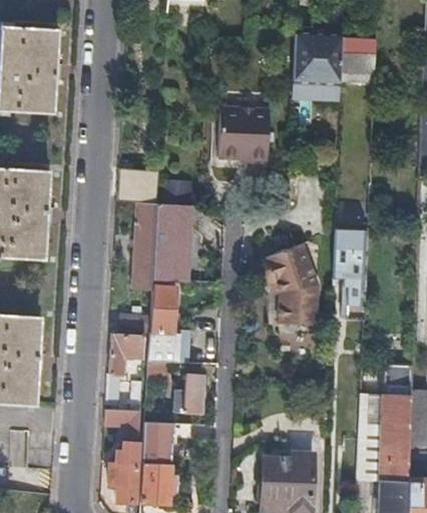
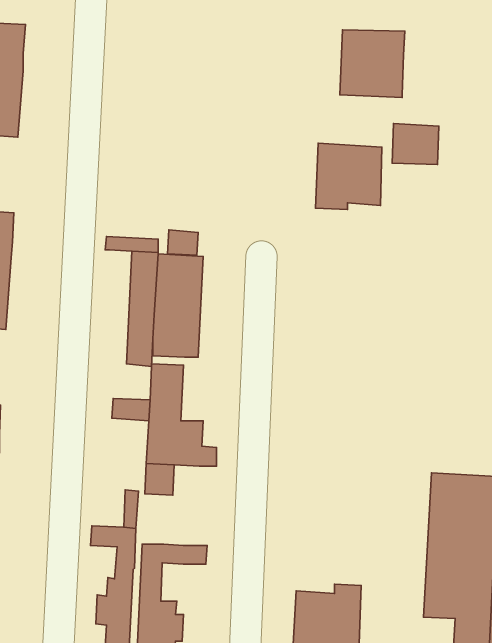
building: [342,53,377,84] -> [392,124,439,165]
building: [220,107,270,157] -> [316,143,382,209]
building: [335,230,370,321] -> none
building: [259,245,319,327] -> none
building: [105,333,144,405] -> none
building: [174,375,204,414] -> none

